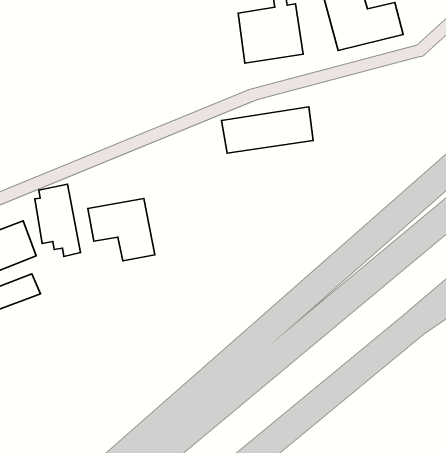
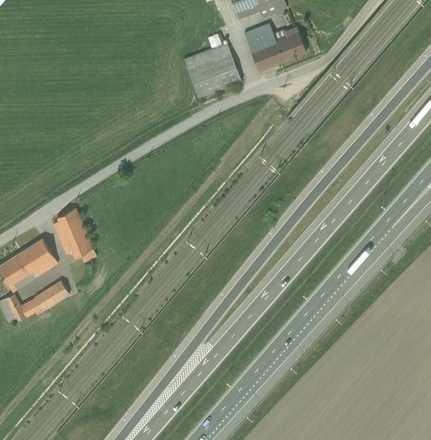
building: [221,107,313,153] -> none
building: [88,199,155,261] -> none

